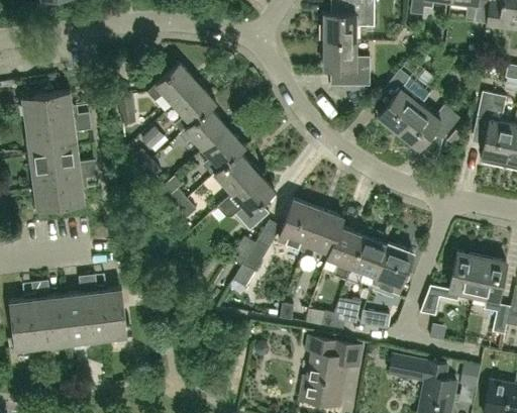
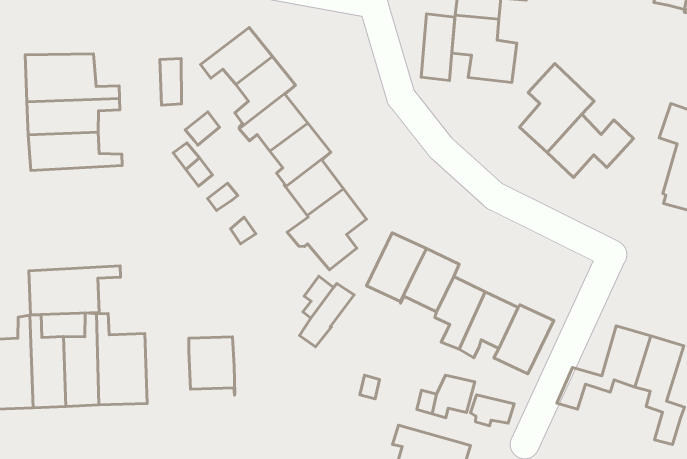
building: none -> [421,14,455,81]
building: [32,169,98,209] -> [29,266,121,315]
building: none -> [189,337,235,395]

